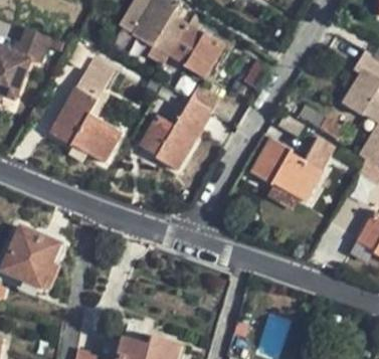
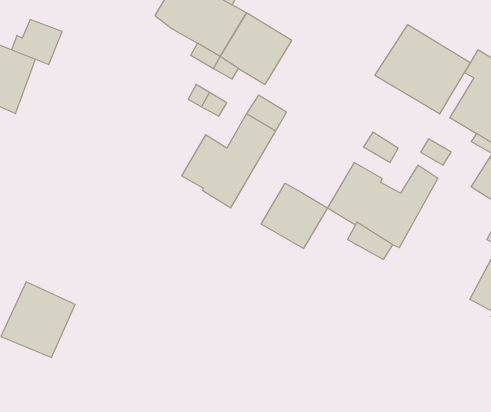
building: none -> [375,25,470,114]
building: [49,58,121,162] -> none
building: none -> [261,183,328,249]

